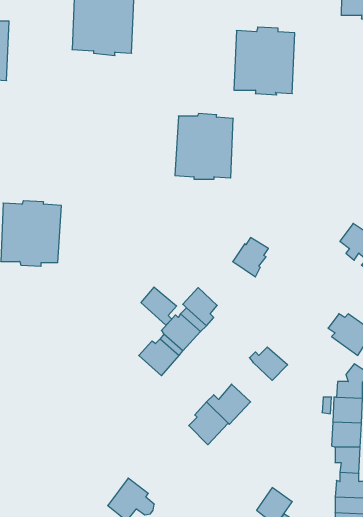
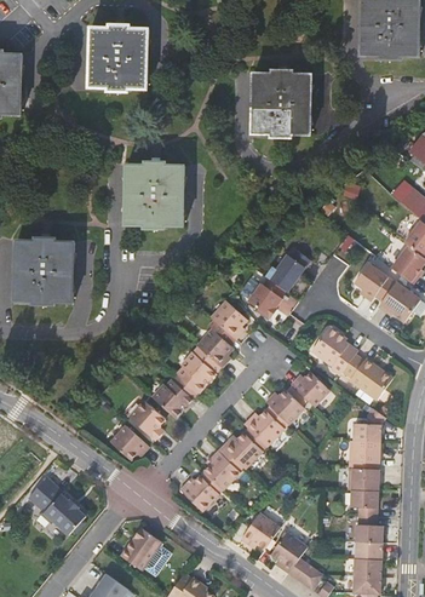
building: [175,114,233,179] -> [121,163,180,230]
building: none -> [264,248,308,292]
building: none -> [314,327,356,378]
building: [141,287,177,325] -> [211,302,247,340]
building: none -> [289,367,335,404]
building: none -> [130,401,166,441]
building: none -> [243,406,288,446]
building: none -> [110,426,149,461]
building: none -> [178,470,223,511]
building: none -> [34,482,85,534]
building: none -> [241,515,281,552]

